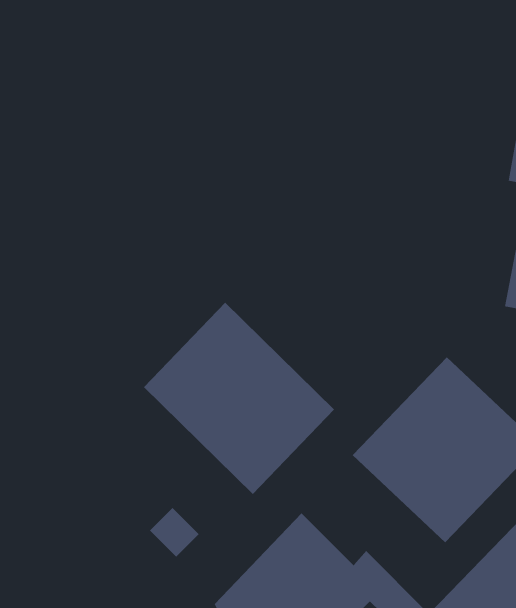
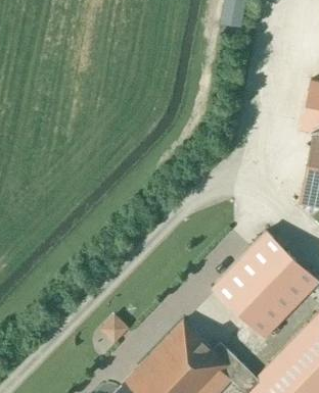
building: [143,302,335,495] -> none

